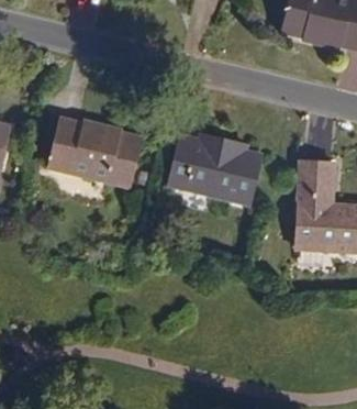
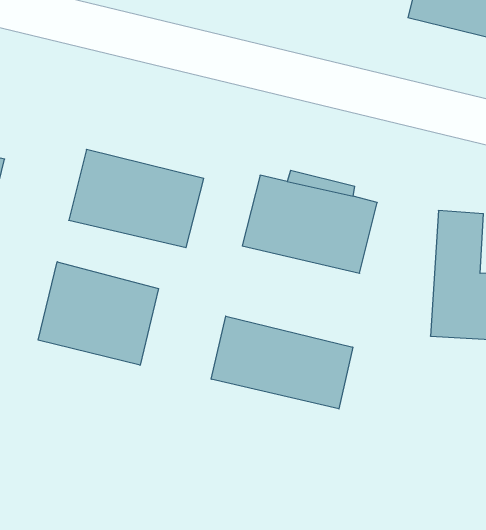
building: none -> [38,262,158,365]
building: none -> [211,316,353,409]

